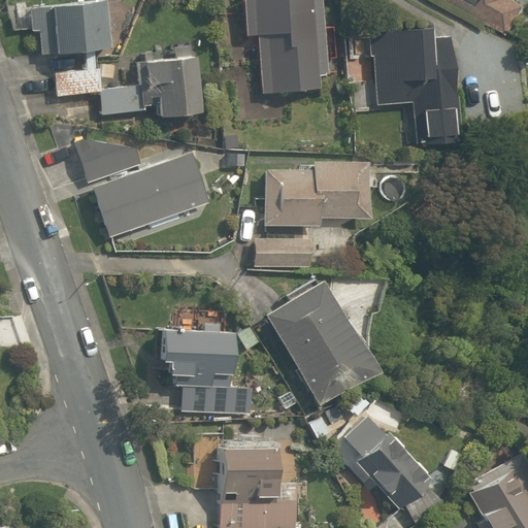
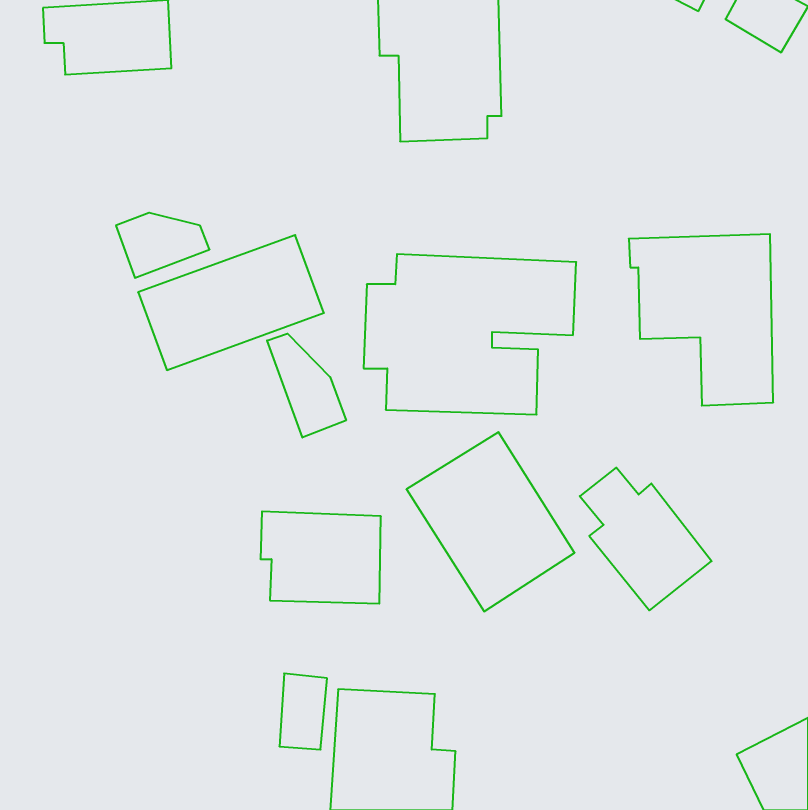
building: [365,36,459,147] -> [629,234,773,406]
building: [147,56,203,108] -> none
building: [55,68,142,116] -> none
building: none -> [267,334,346,438]
building: [348,422,433,515] -> [580,468,712,610]

